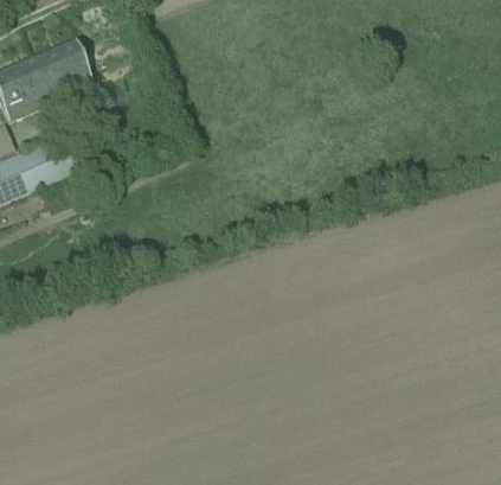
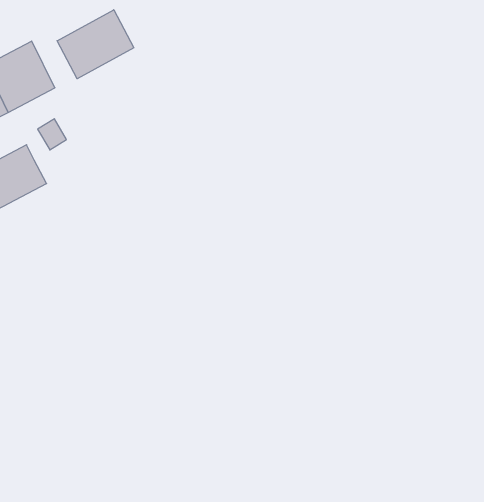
building: none -> [57,10,134,79]

